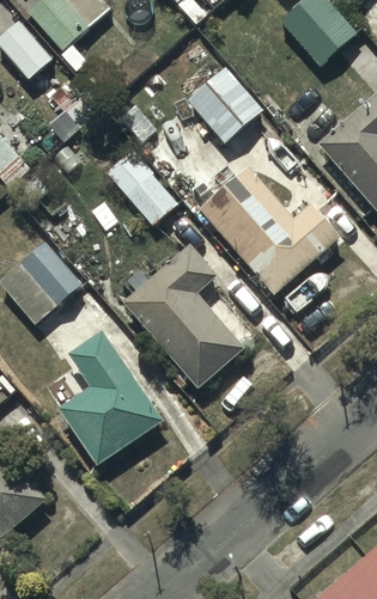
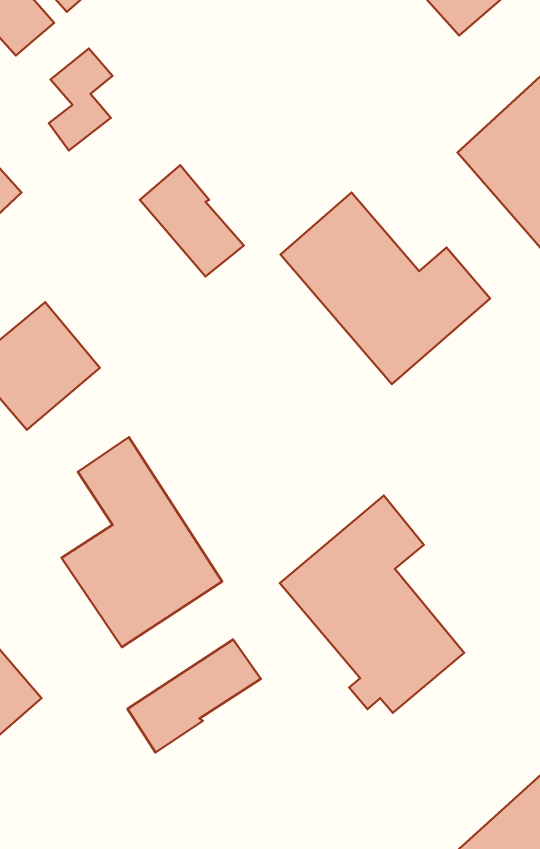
building: [187,67,262,142] -> none
building: [123,245,244,387] -> [280,496,464,713]
building: none -> [127,640,261,752]

